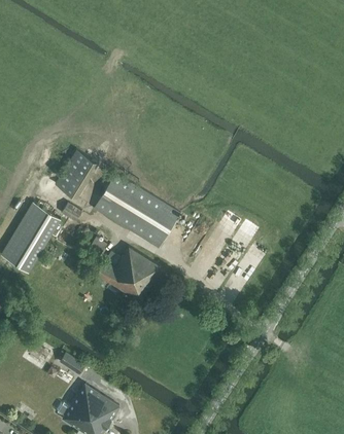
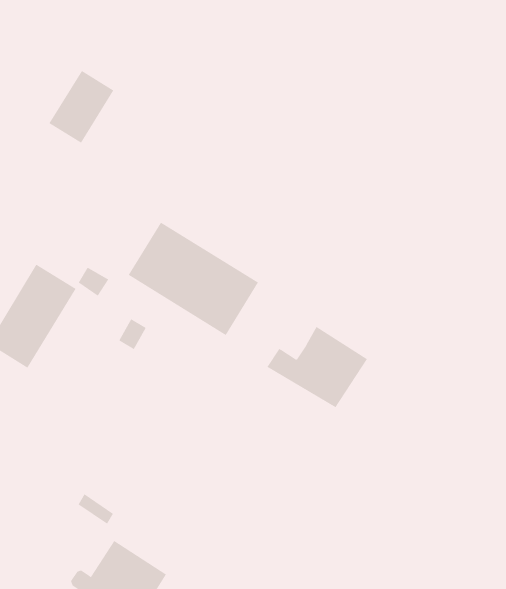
building: [55,150,98,198] -> [49,70,114,143]
building: [95,247,162,301] -> [266,326,368,409]

